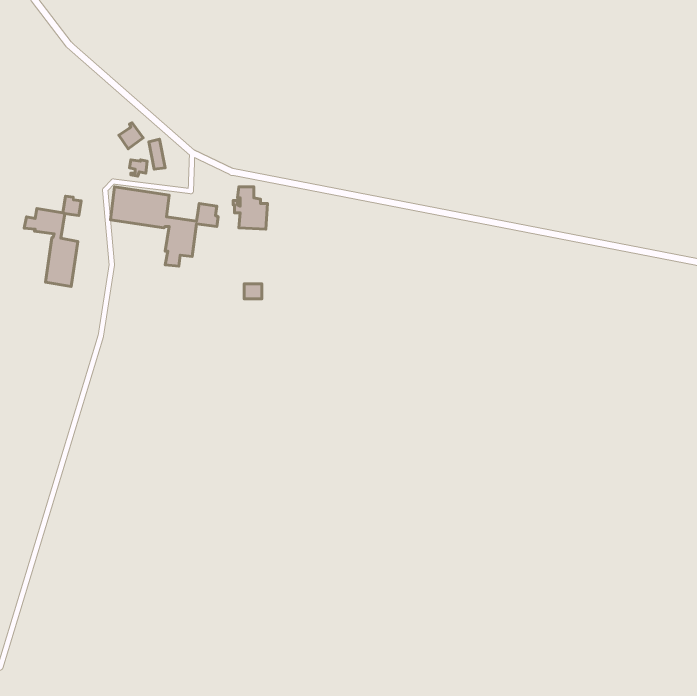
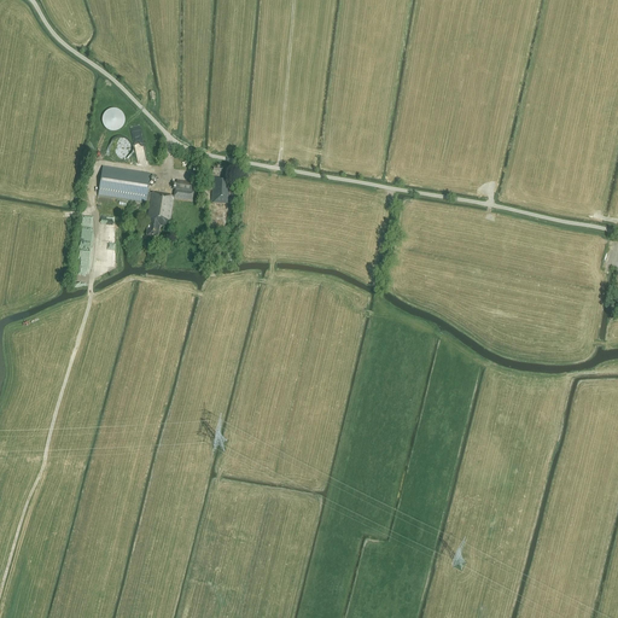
building: [24,196,81,287] -> none

